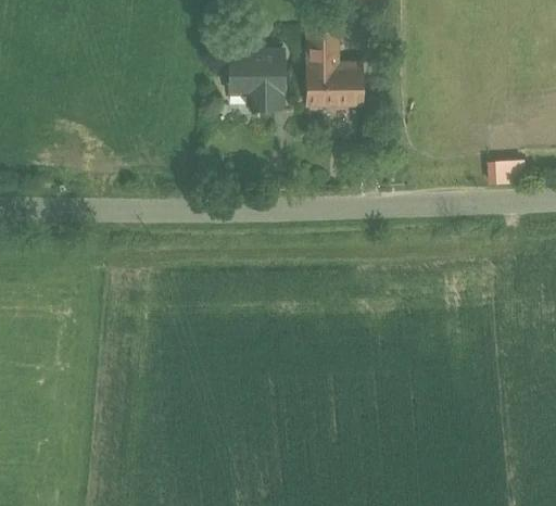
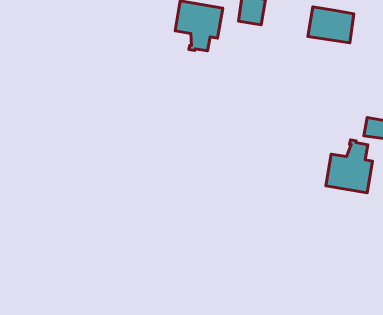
building: [308,66,363,105] -> [308,7,354,43]
building: none -> [326,140,373,193]

